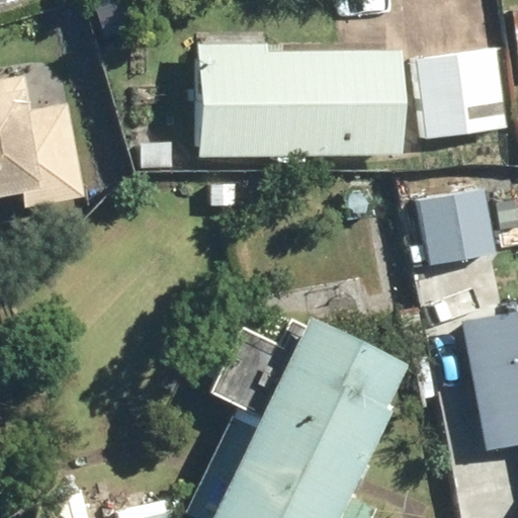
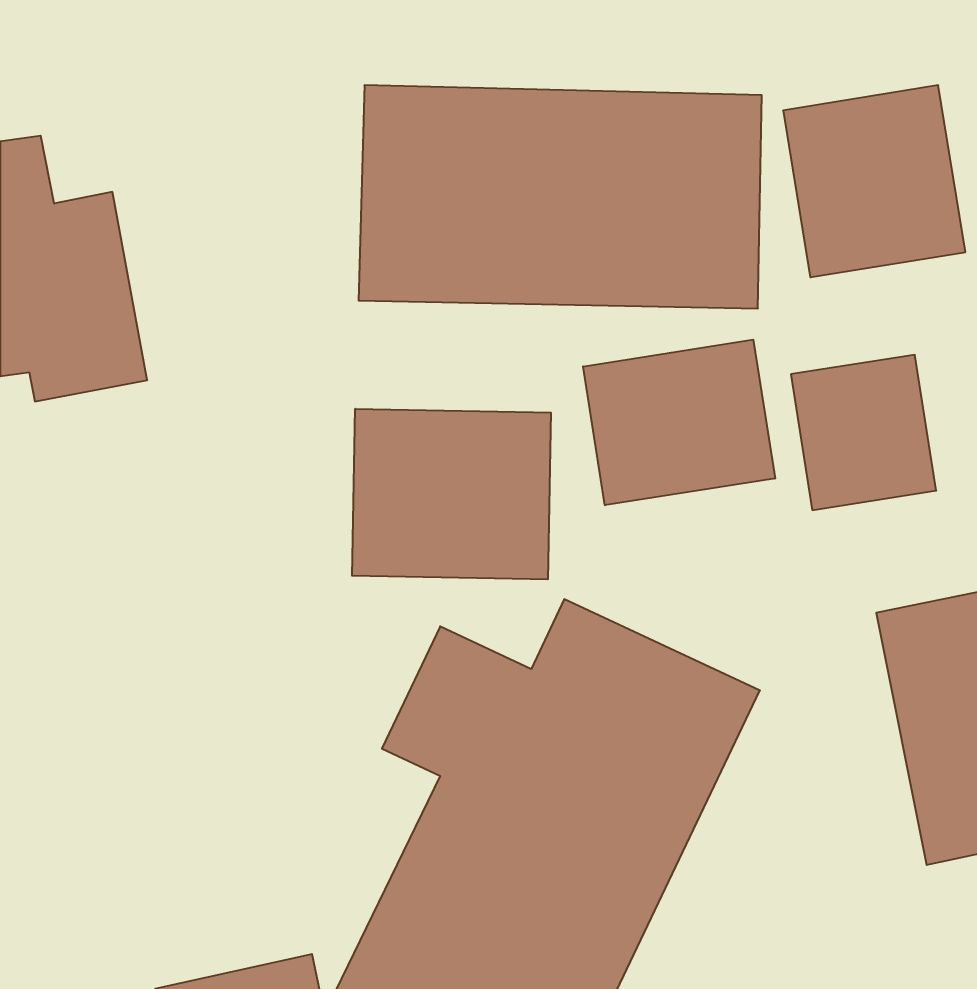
building: none -> [583,340,775,505]
building: none -> [352,409,551,579]

